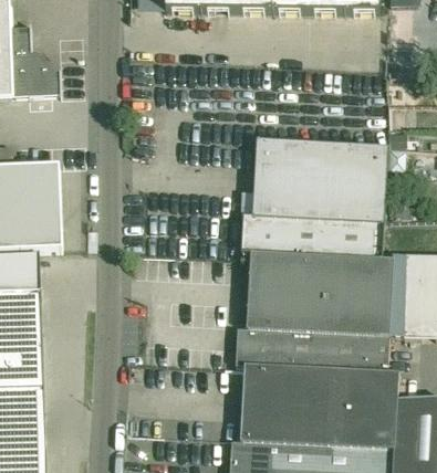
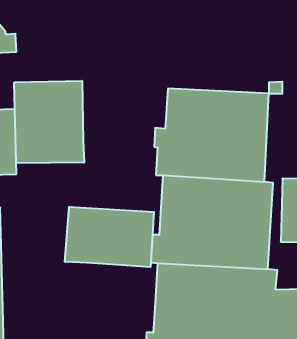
building: none -> [14,81,84,163]
building: none -> [65,207,154,267]

